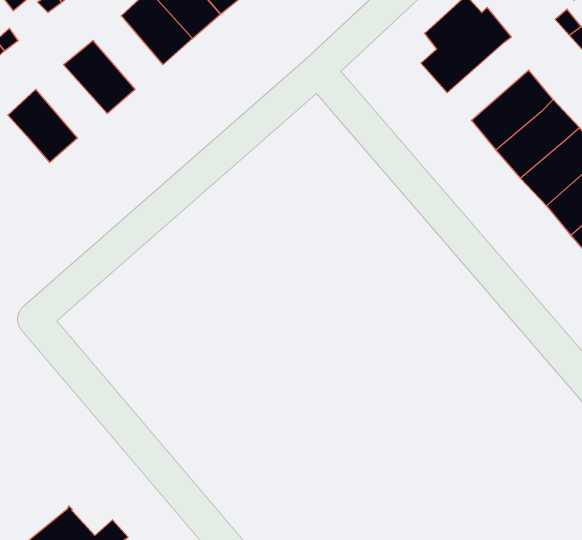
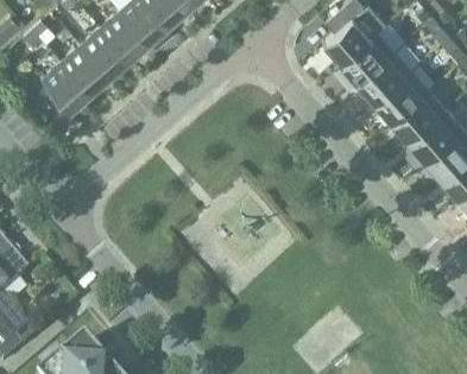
building: none -> [99,13,146,63]
building: none -> [340,31,396,84]
building: none -> [59,46,108,96]

